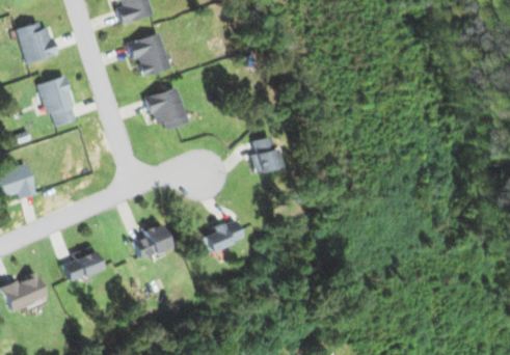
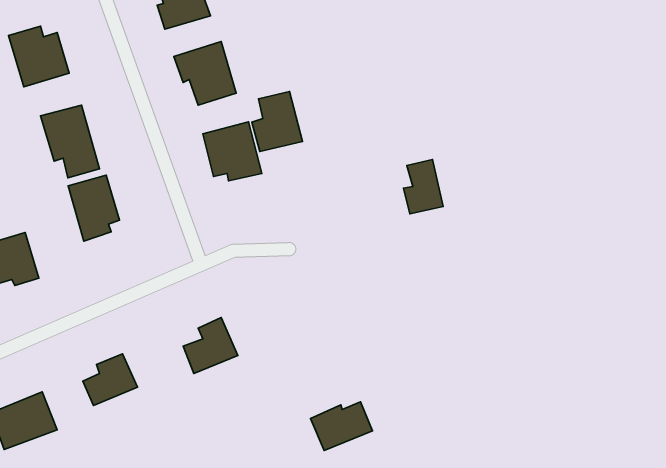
building: none -> [252,91,303,151]
building: none -> [68,175,120,241]
building: [252,137,279,174] -> [404,159,443,214]
building: [202,220,244,253] -> [310,402,373,450]

